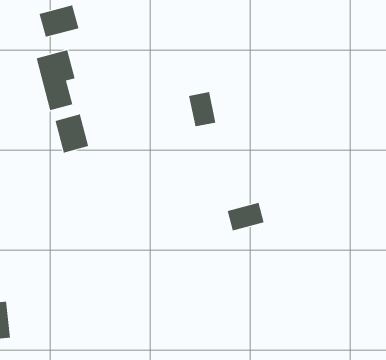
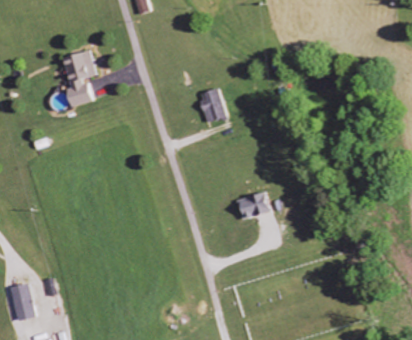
building: [39,5,79,38] -> none
building: [55,113,89,153] -> none

